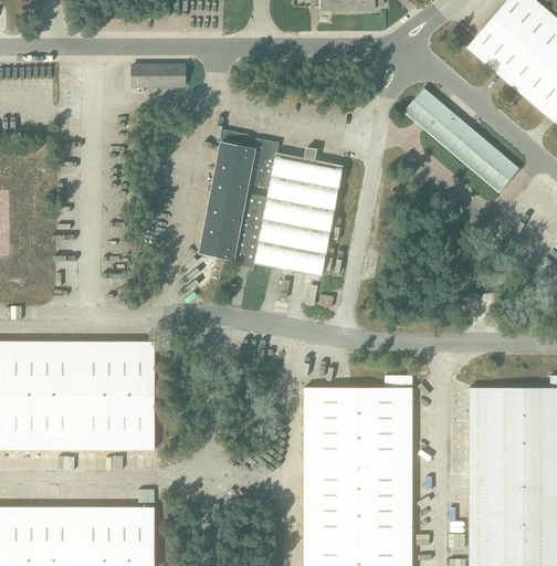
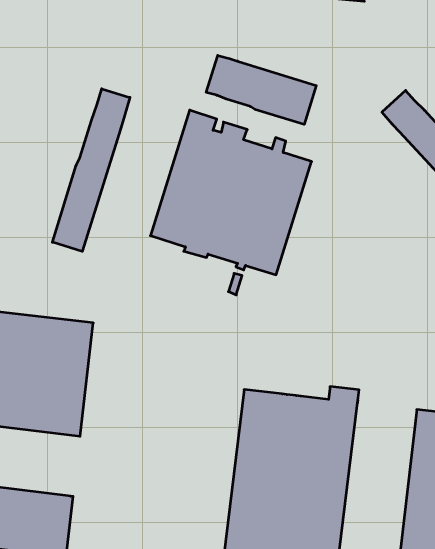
building: [132,65,185,86] -> none
building: none -> [206,55,316,124]
building: none -> [52,89,130,251]

